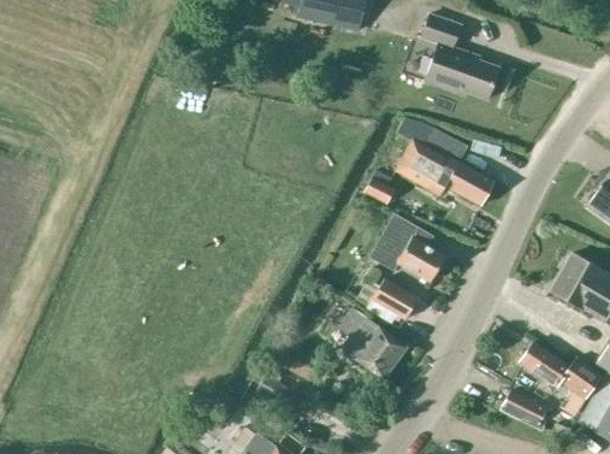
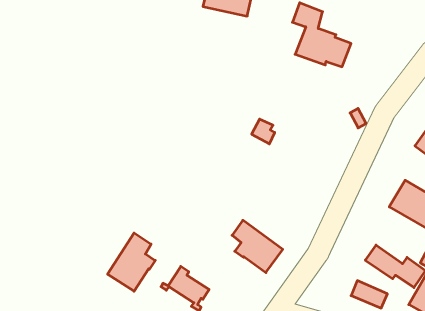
building: [397,129,496,205] -> none
building: [369,213,446,281] -> none
building: [374,278,419,318] -> none
building: none -> [108,233,155,291]

